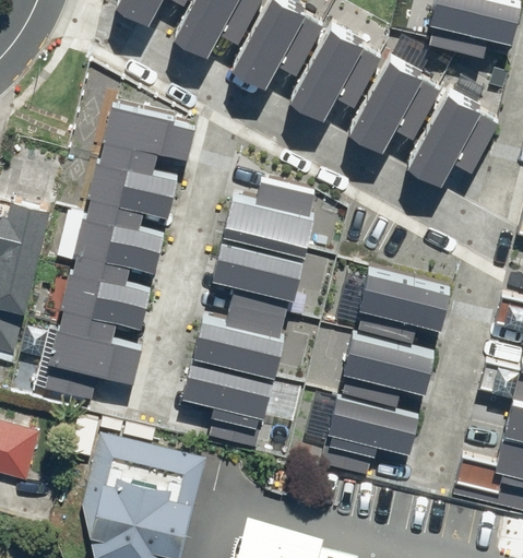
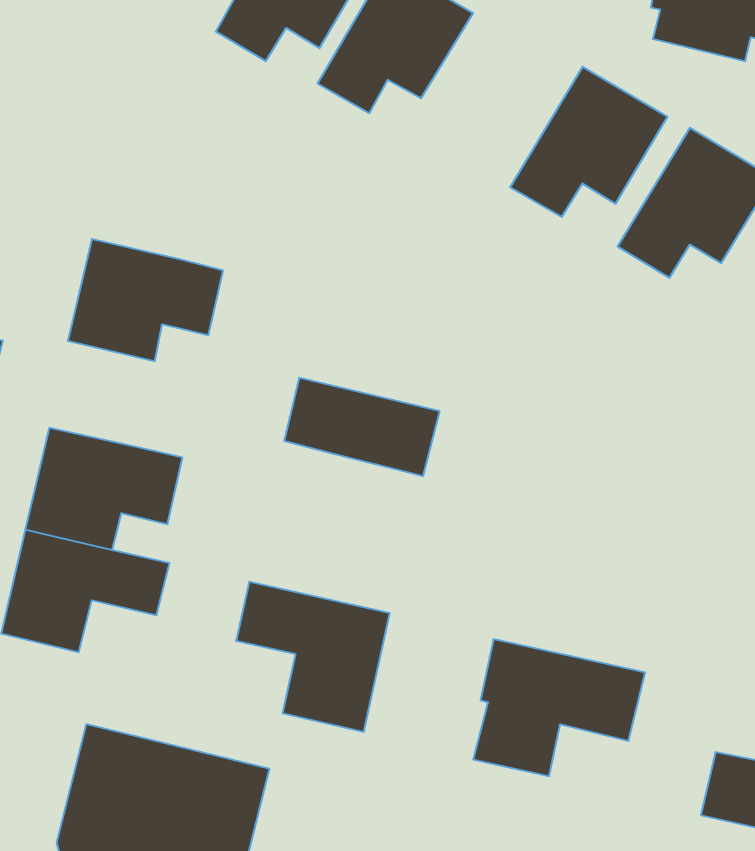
building: [290,27,383,116] -> none
building: [98,107,192,171] -> none
building: [224,181,320,250] -> none
building: [73,219,165,282] -> none
building: [357,270,450,339] -> none
building: [192,286,289,367] -> none
building: [344,335,437,404] -> none

